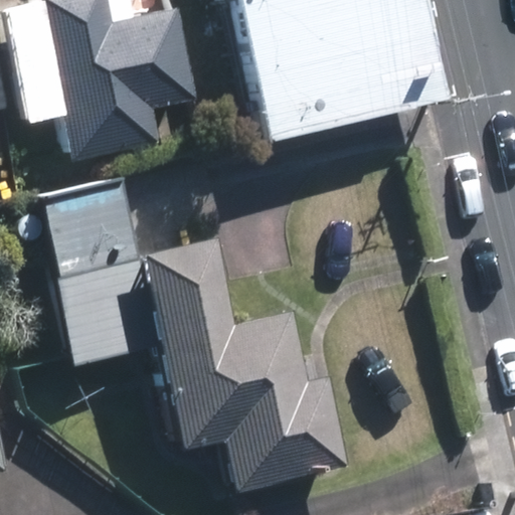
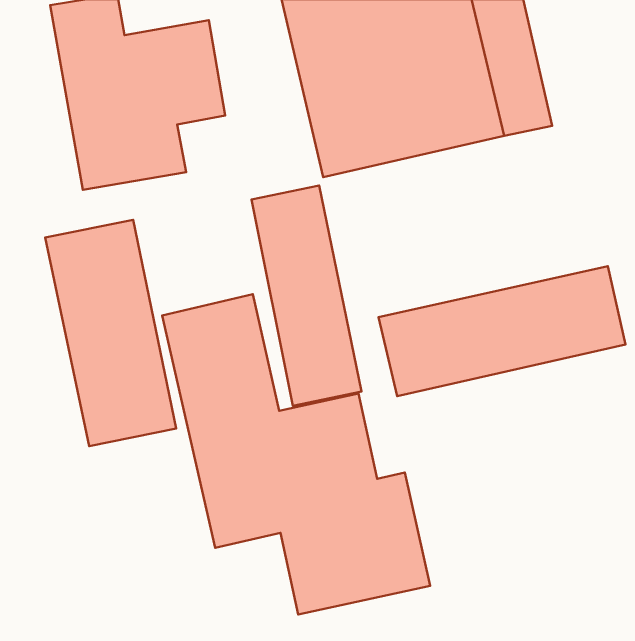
building: none -> [252,186,361,406]
building: none -> [379,266,626,396]

